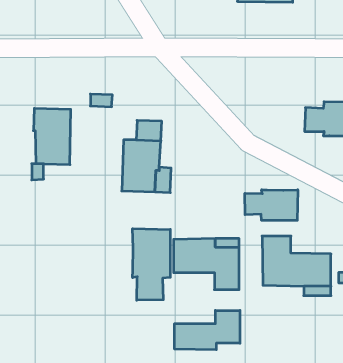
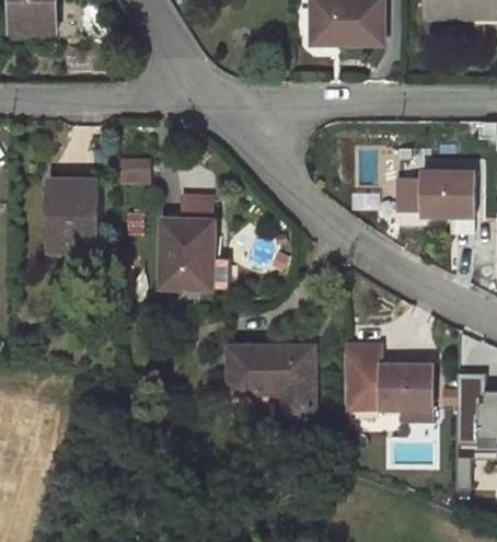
building: [245,190,298,220] -> none
building: [133,229,170,300] -> none
building: [175,310,240,350] -> none

